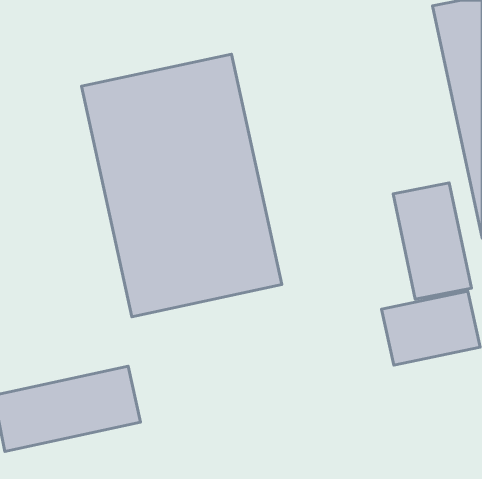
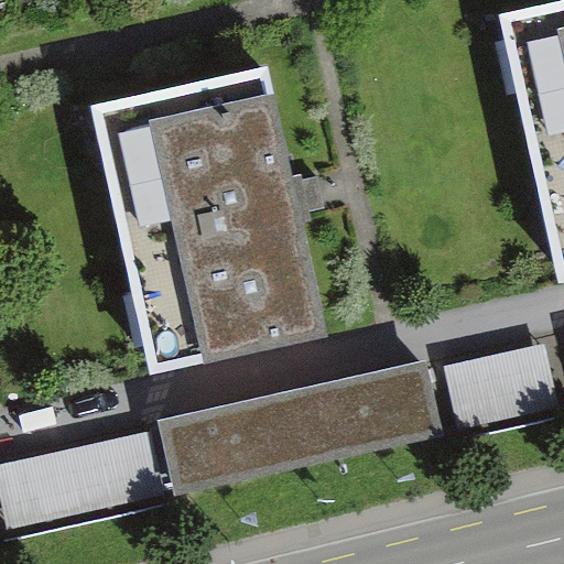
building: [393,183,471,299] -> none
building: none -> [158,354,442,489]

